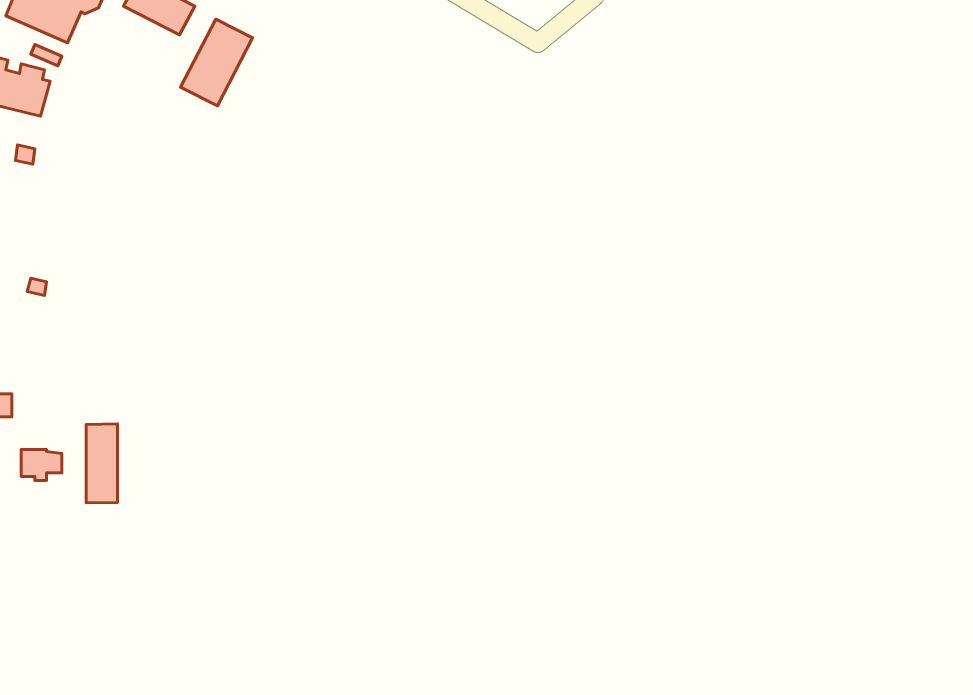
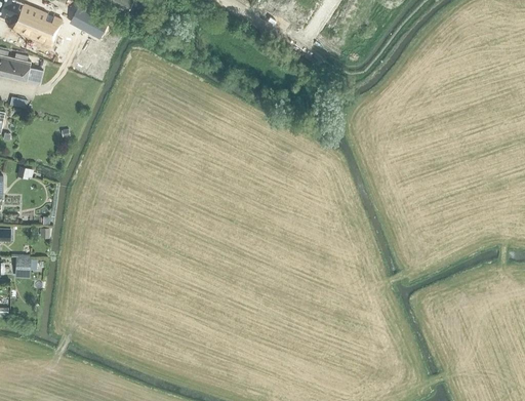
building: [181,19,253,106] -> none
building: [86,424,118,503] -> none

